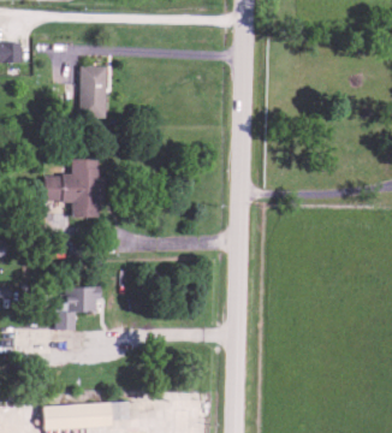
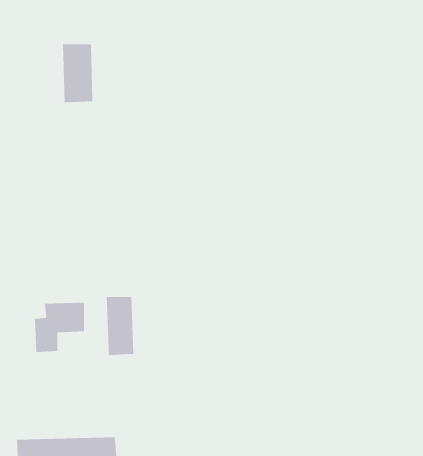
building: [42,158,101,216] -> none
building: none -> [106,296,134,356]

